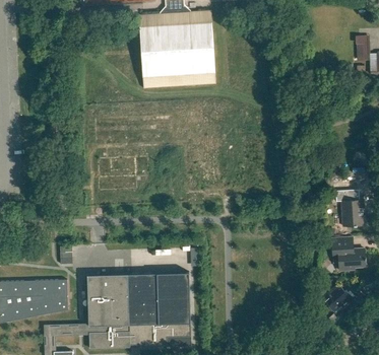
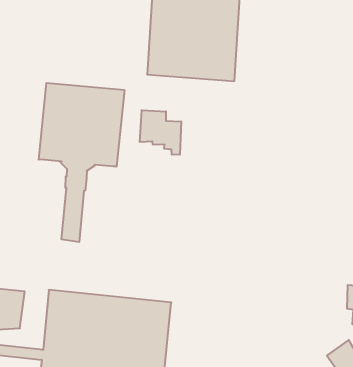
building: none -> [39,83,124,242]
building: none -> [140,110,181,155]

